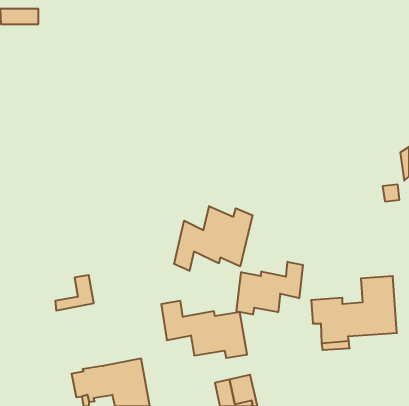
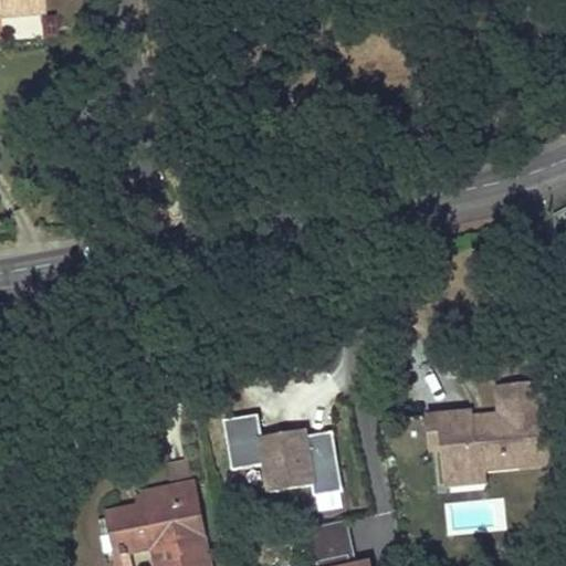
building: [174,206,253,271] -> none
building: [237,262,303,315] -> none
building: [55,275,94,310] -> [142,455,195,504]

